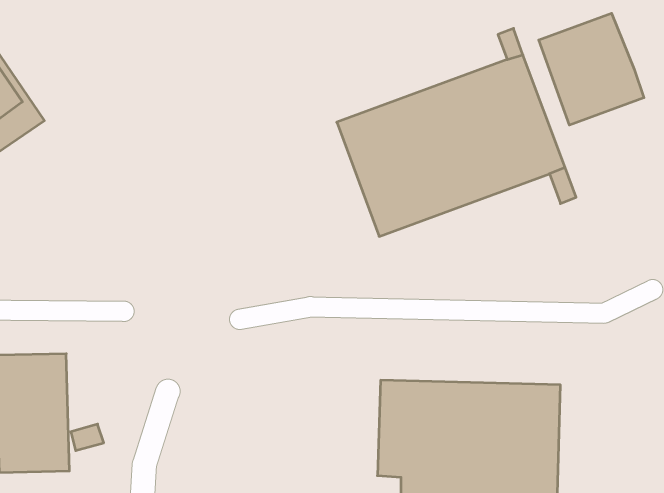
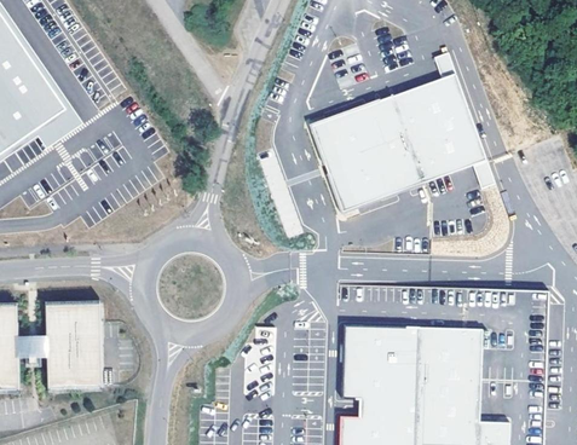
building: [539,13,644,125] -> none

